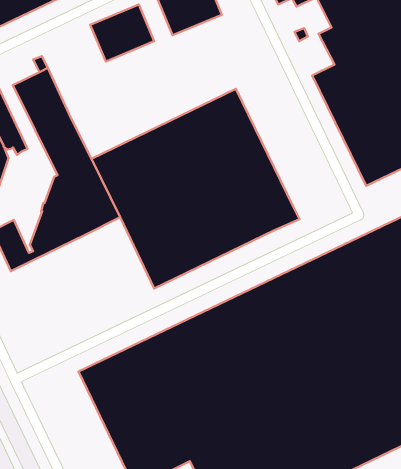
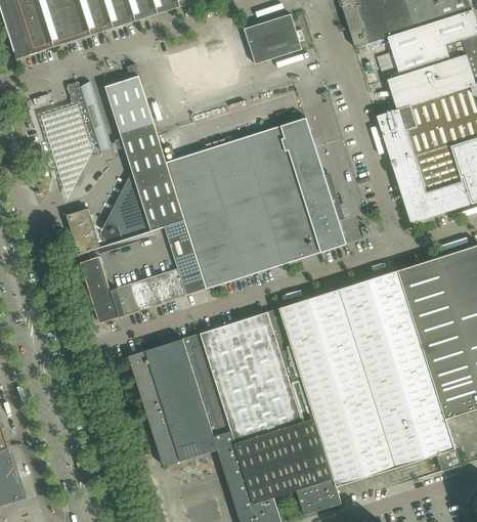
building: [90,5,154,61] -> none
building: none -> [79,220,206,322]

